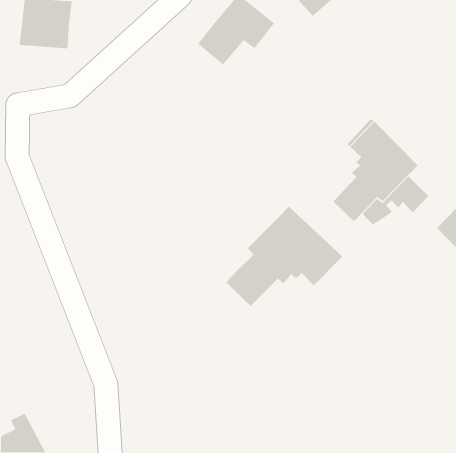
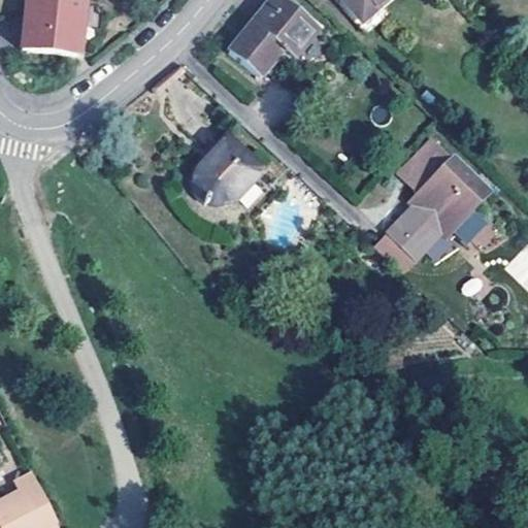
building: none -> [198,131,266,200]
building: [226,206,343,307] -> none

